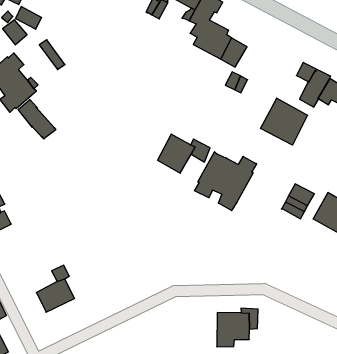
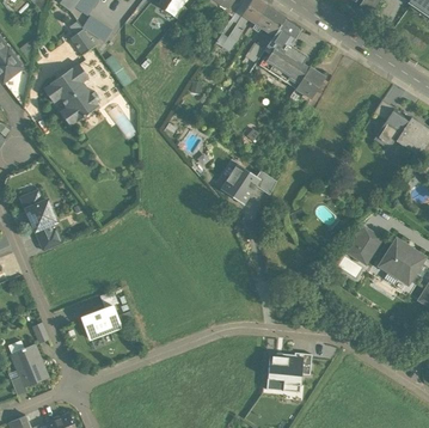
building: [261,98,308,145] -> none
building: [18,99,56,139] -> none
building: [194,152,257,211] -> none

